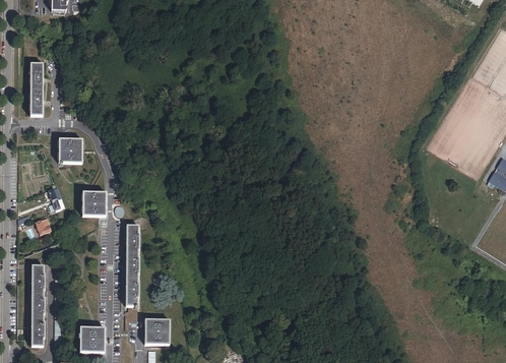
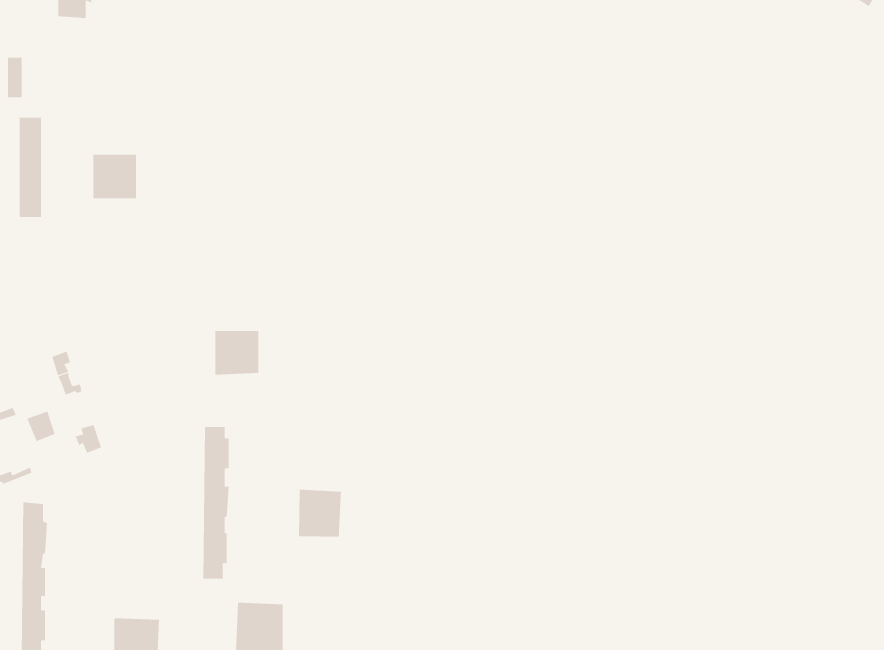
building: [60,140,83,164] -> [93,154,137,199]
building: [83,193,107,217] -> [215,331,259,375]
building: none -> [299,489,342,537]

